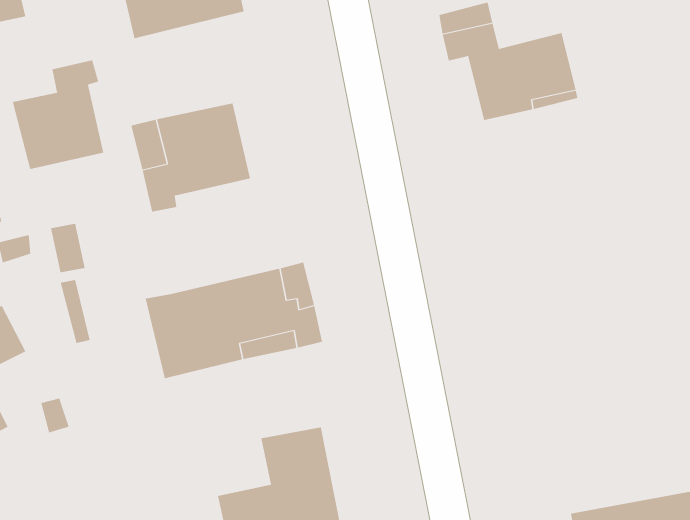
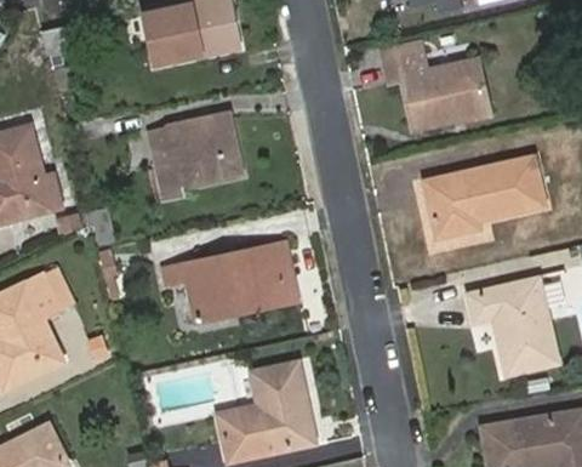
building: [12,59,104,170] -> none
building: none -> [424,156,544,235]
building: none -> [473,279,561,376]

